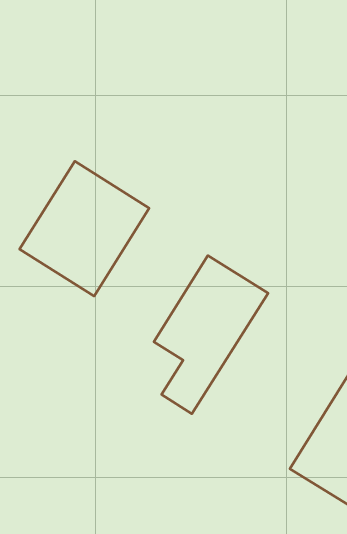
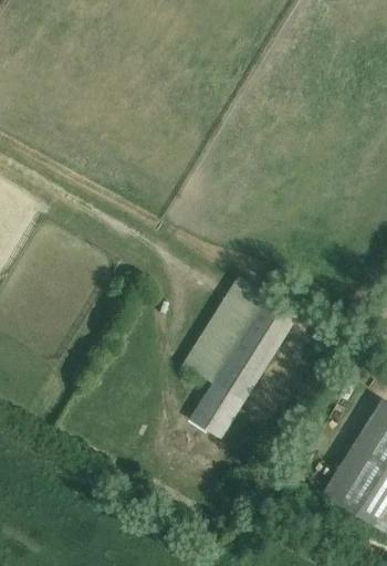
building: [20,161,149,296] -> none

